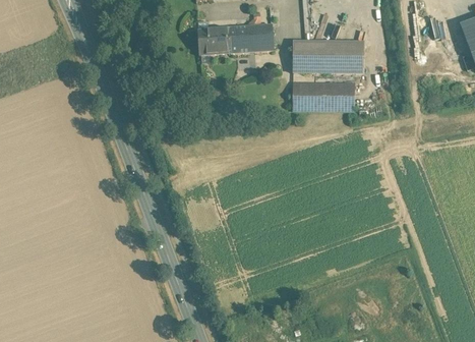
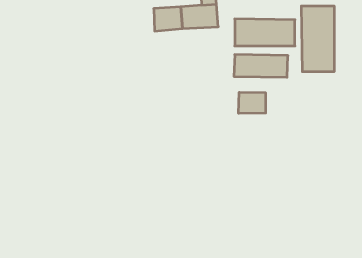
building: none -> [301,6,334,72]
building: none -> [239,92,266,113]

